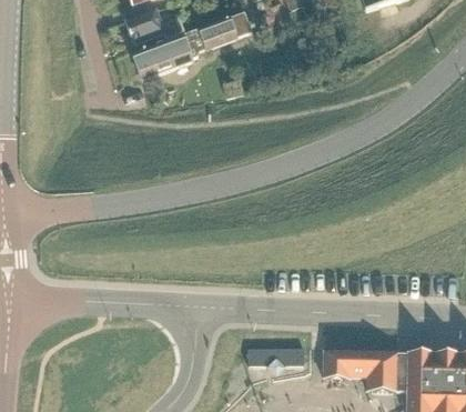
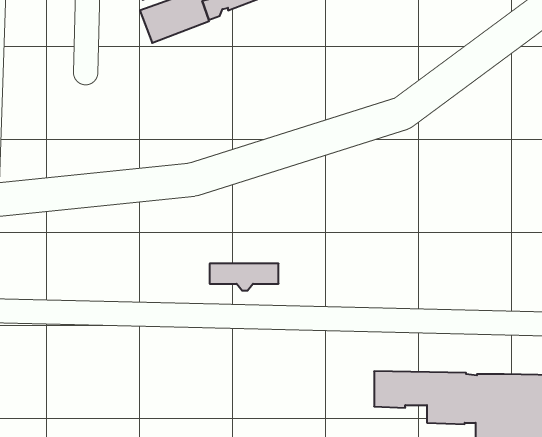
building: [247,349,304,371] -> [210,264,279,291]

